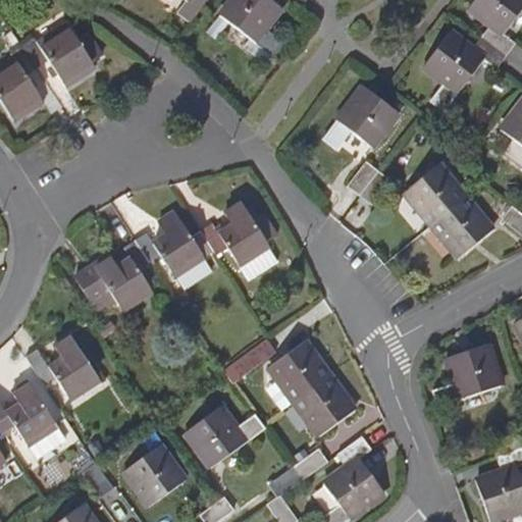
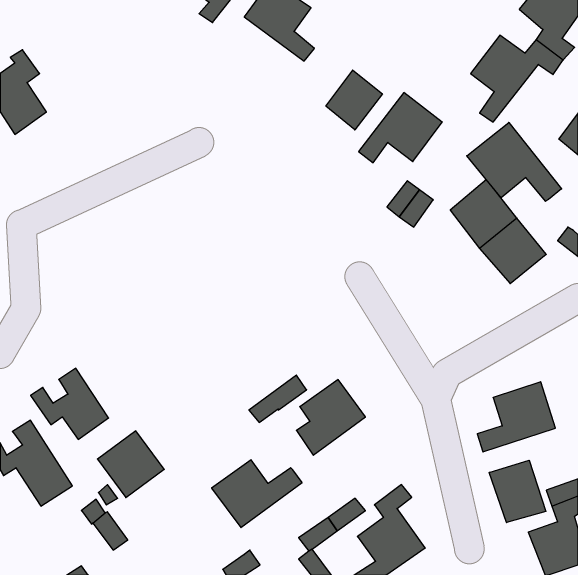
building: [20,21,104,85] -> none
building: none -> [326,70,382,130]
building: none -> [467,122,562,201]
building: [75,200,274,308] -> none
building: [295,376,355,437] -> none
building: none -> [489,460,546,523]
building: [134,452,194,512] -> [97,431,164,498]

